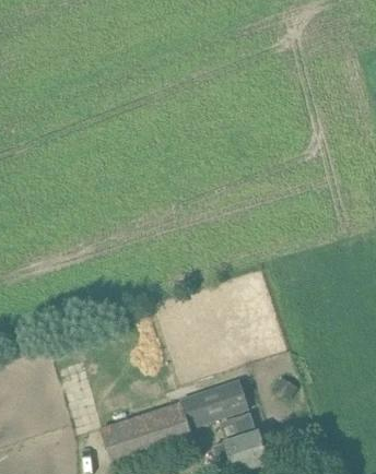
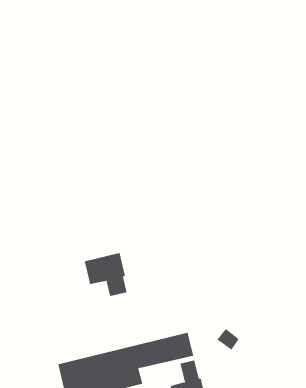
building: none -> [84,252,127,297]

